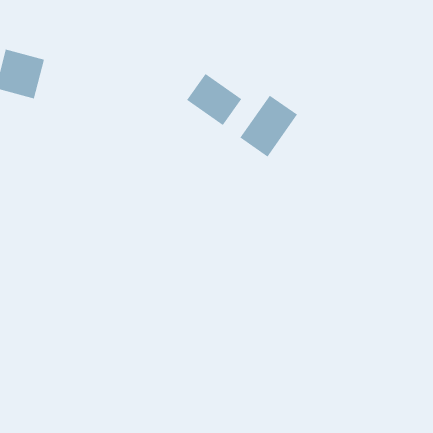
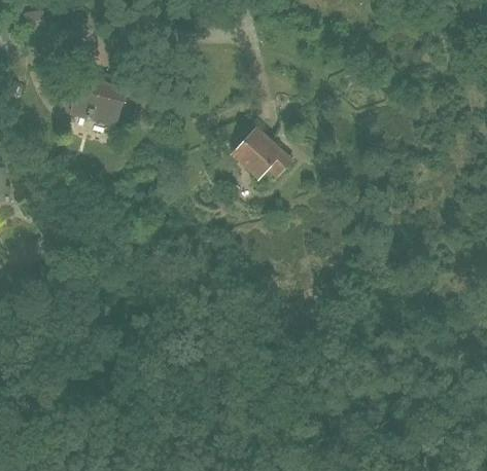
building: [239,95,298,158] -> none

